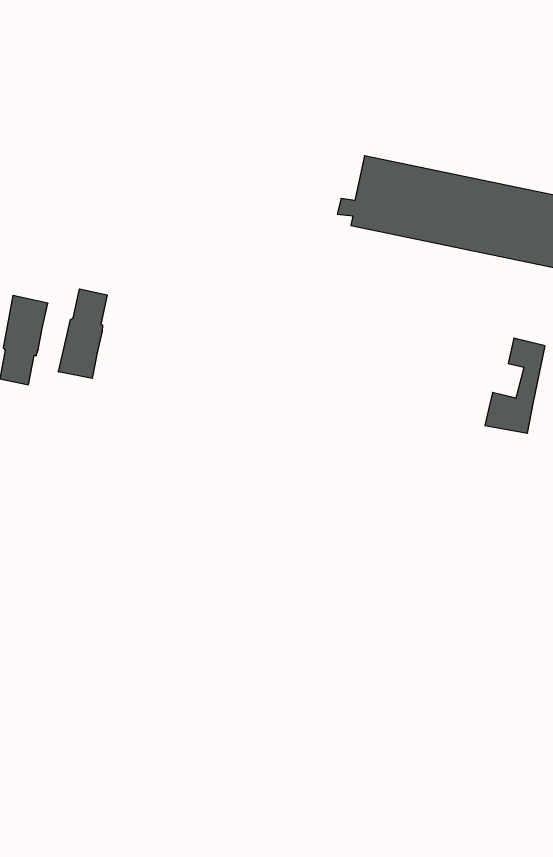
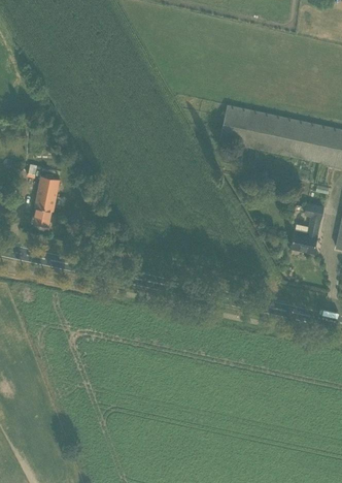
building: [58,289,107,378] -> none

